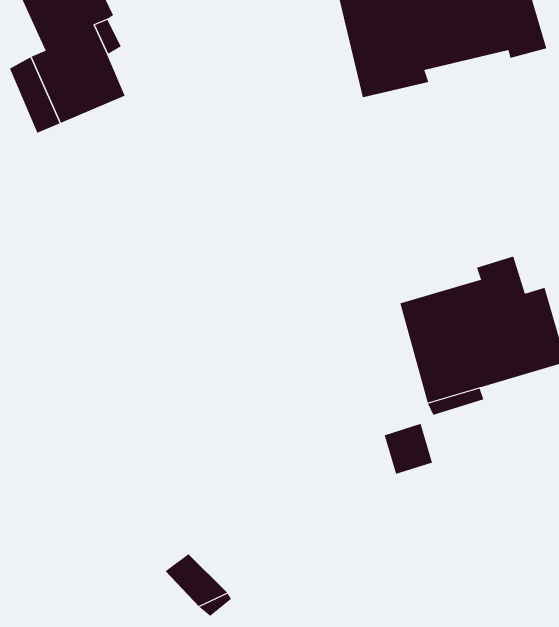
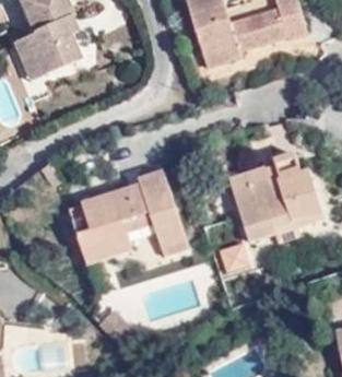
building: none -> [87,170,188,262]

